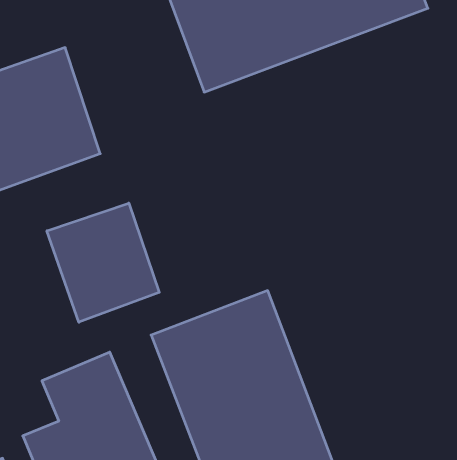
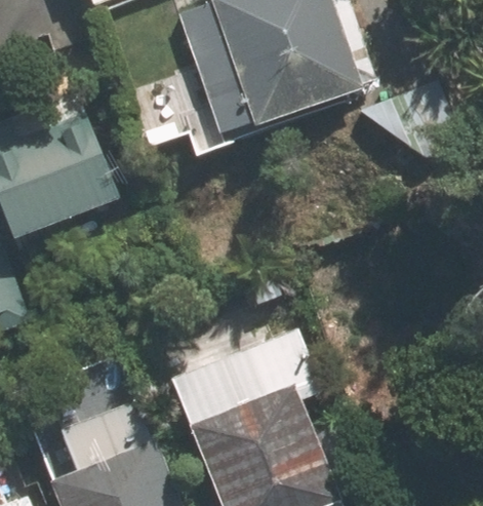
building: [47,203,159,322] -> none

